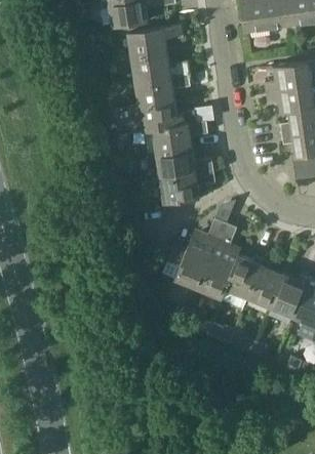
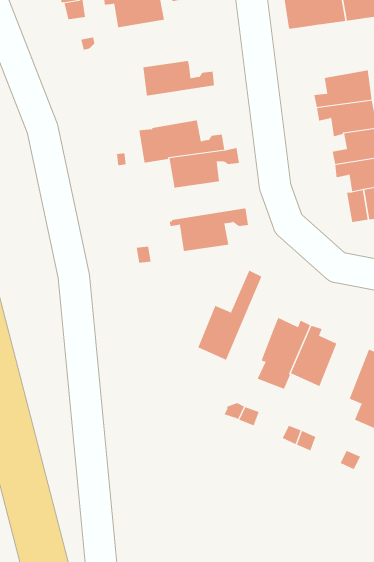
building: [127,26,183,59] -> none
building: [134,74,190,107] -> none
building: [151,149,212,178] -> none
building: [197,222,236,298] -> none
building: [270,275,308,318] -> none

